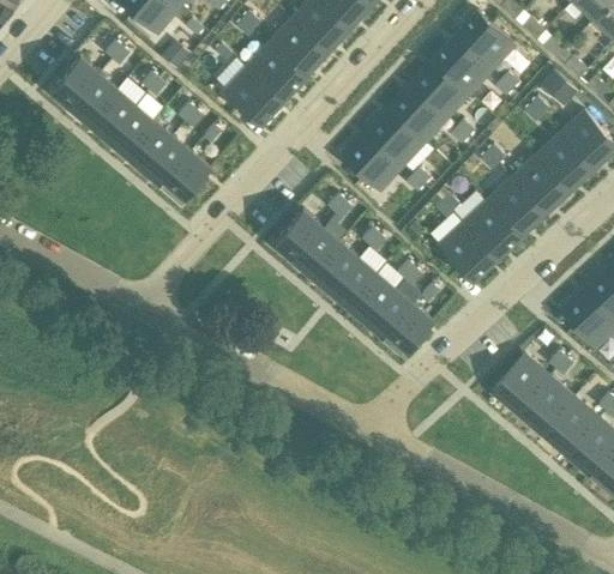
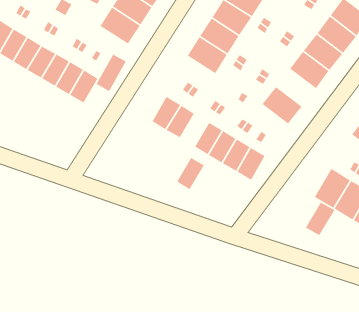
building: none -> [95,53,127,92]
building: [465,199,523,256] -> none
building: [314,240,360,288] -> [176,157,205,190]
building: none -> [305,202,335,236]

